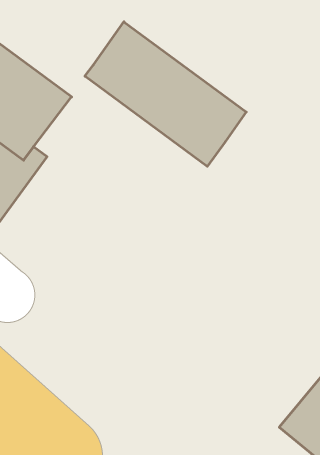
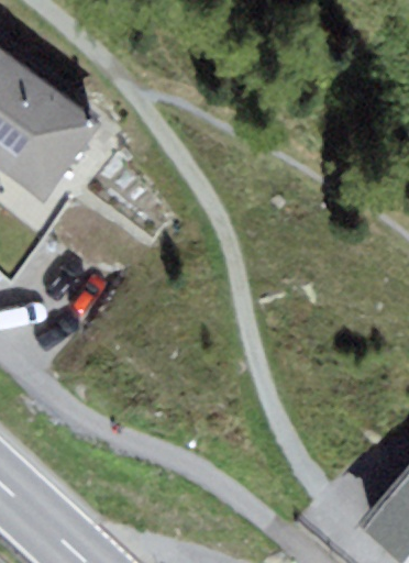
building: [85,22,246,166] -> none

